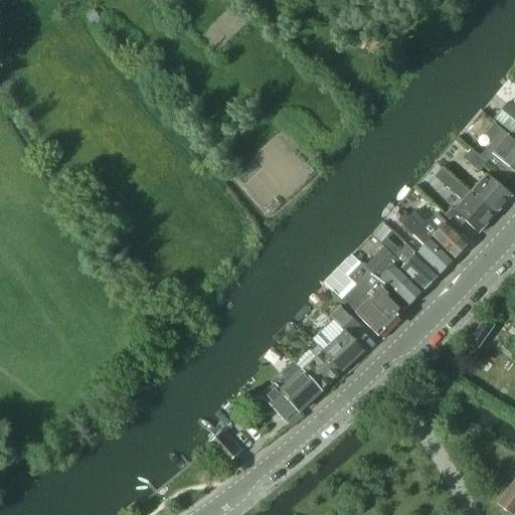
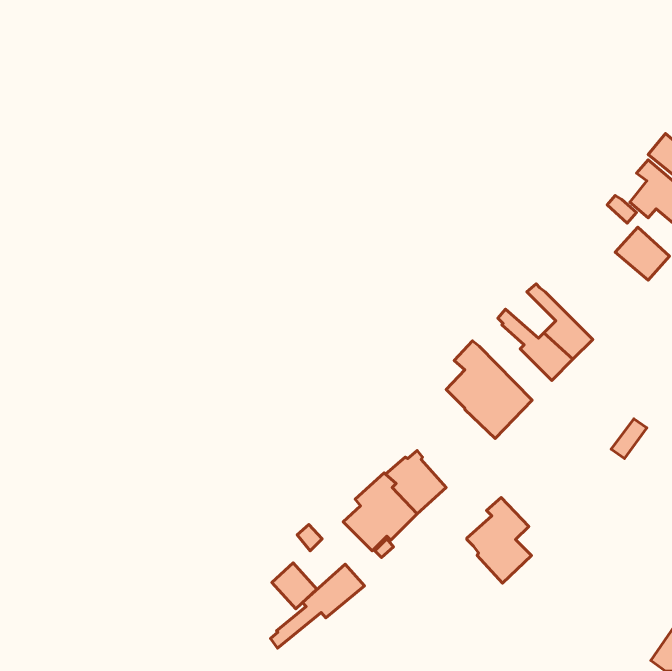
building: [433,167,496,231] -> none
building: [410,208,470,259] -> none
building: [367,247,422,305] -> none
building: [315,306,364,371] -> [467,497,531,583]
building: none -> [271,564,364,648]

